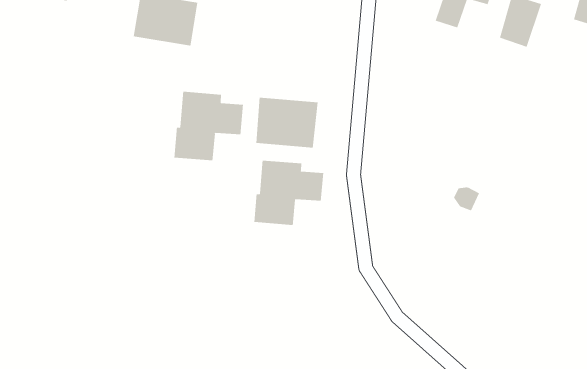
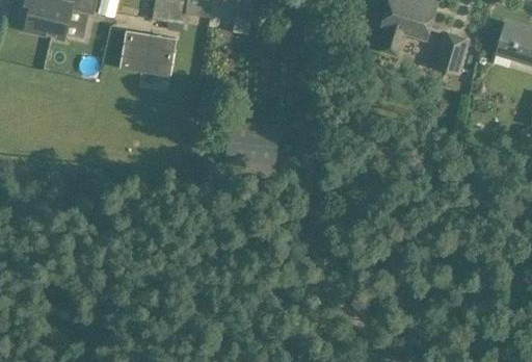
building: [174,91,243,161] -> none
building: [254,160,324,226] -> none

